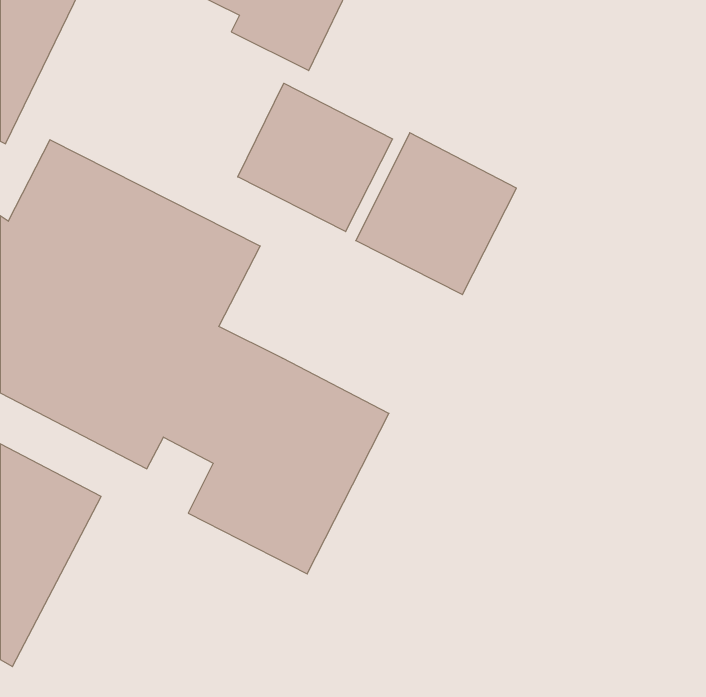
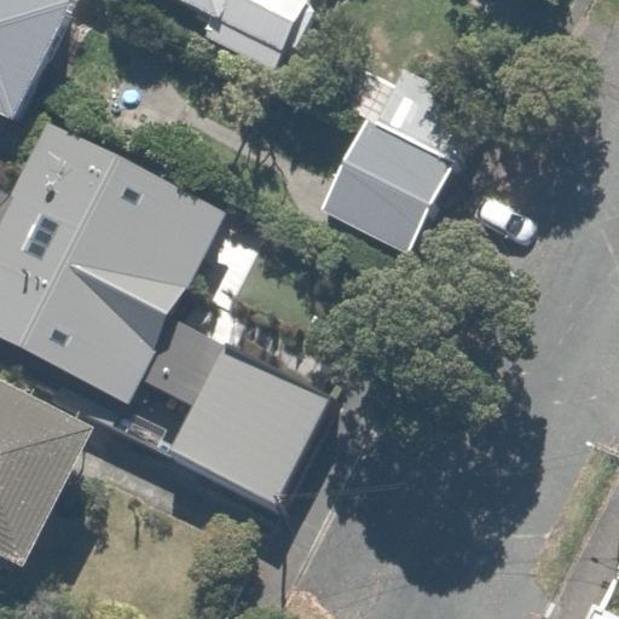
building: [238,83,393,232] -> none

